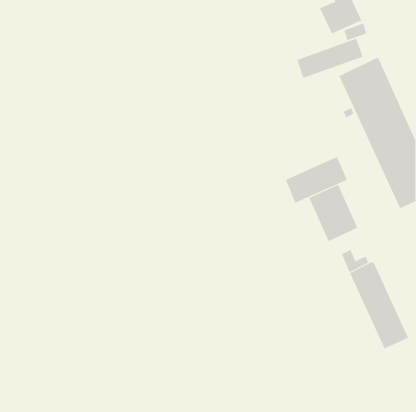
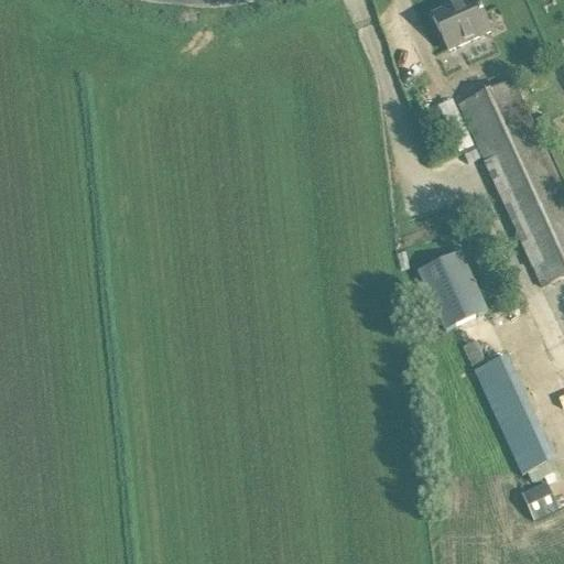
building: [297,38,363,79] -> none
building: [285,156,347,203] -> none
building: none -> [521,478,558,518]

